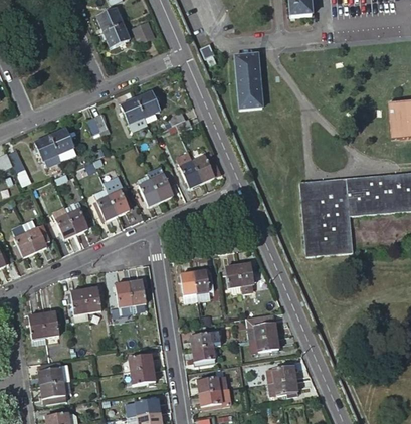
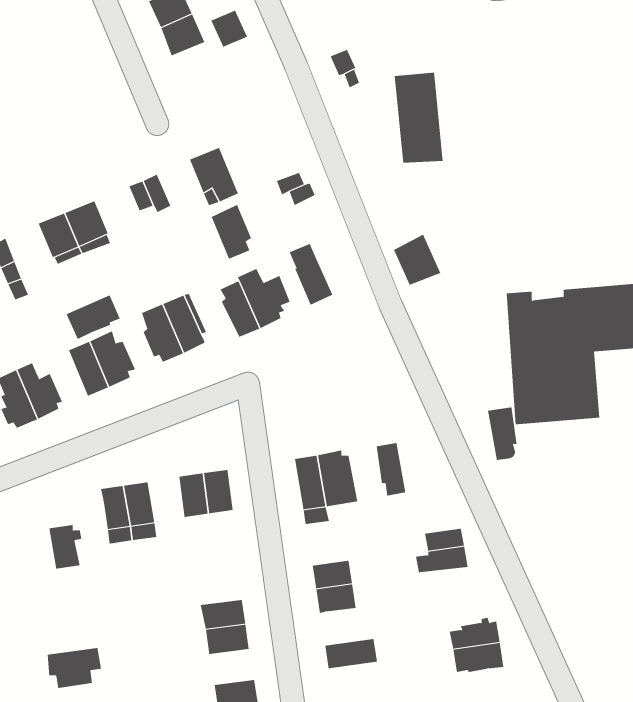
building: [138,91,161,123] -> [211,204,252,259]
building: [193,153,220,182] -> [393,234,441,286]
building: none -> [66,295,120,340]
building: [238,263,255,293] -> [487,407,518,460]
building: [28,313,46,345] -> none
building: [251,336,280,353] -> none
building: [38,362,69,385] -> none
building: [199,388,230,407] -> none

